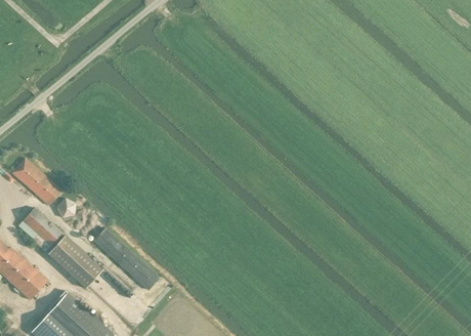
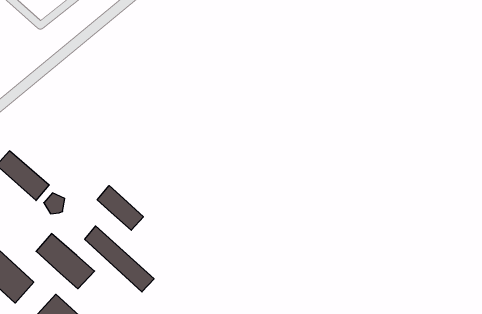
building: none -> [97,186,143,230]
building: [23,208,61,245] -> none

